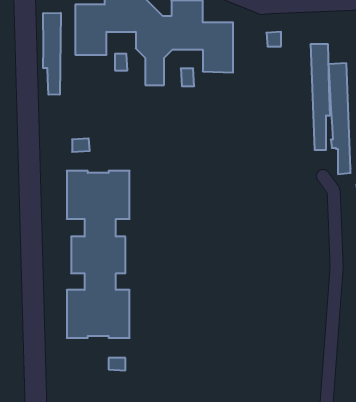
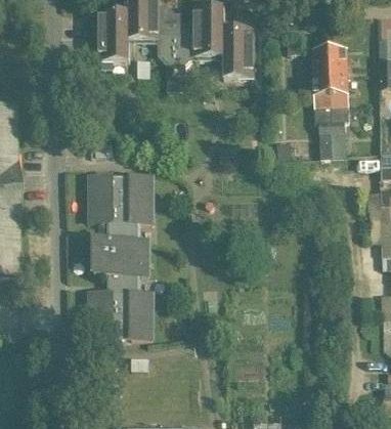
building: [43,13,61,95] -> none
building: [329,63,351,174] -> [311,49,333,158]

